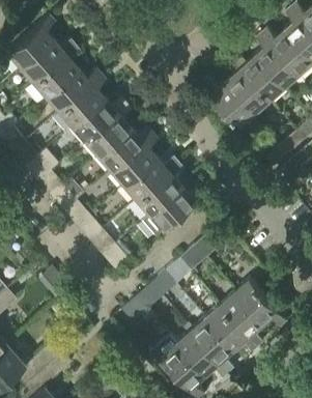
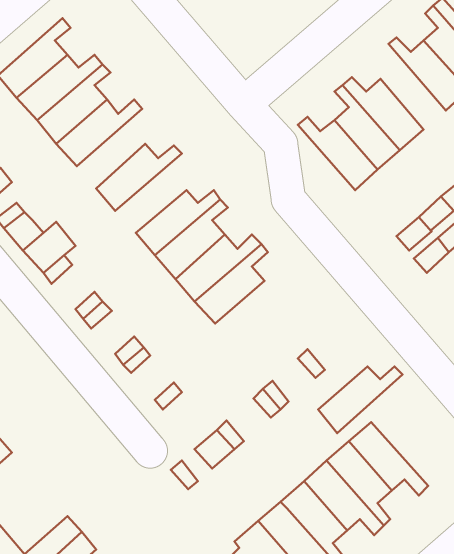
building: [256,33,300,89] -> none
building: [59,76,106,127] -> none
building: [84,105,132,157] -> none
building: [149,188,204,231] -> [318,366,402,433]

